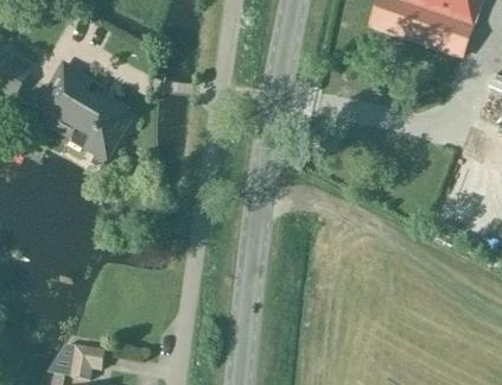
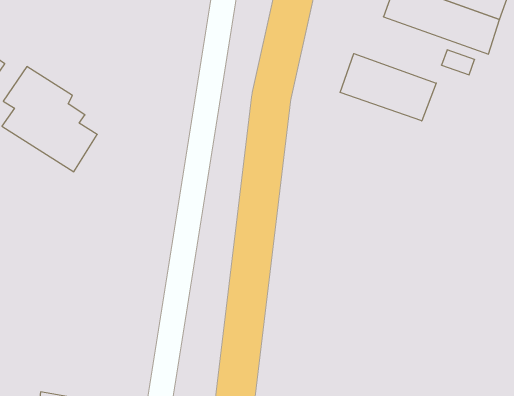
building: none -> [340,54,436,121]

